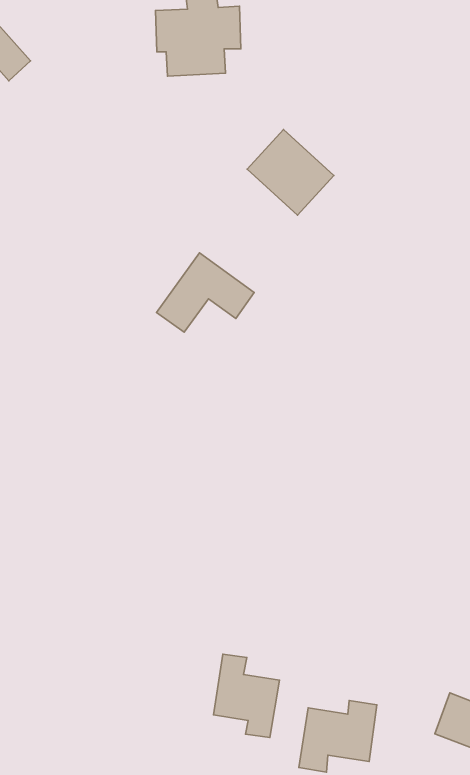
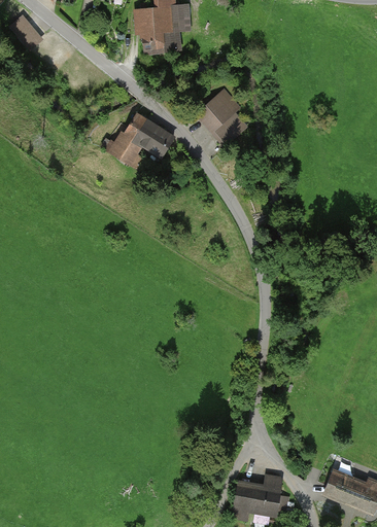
building: [157,253,254,332] -> [108,113,174,167]
building: [213,654,279,738] -> none

